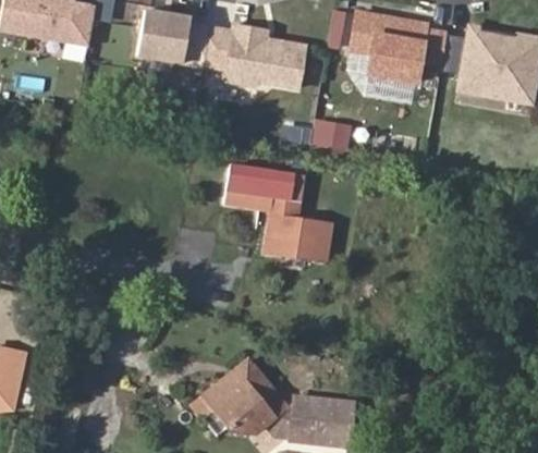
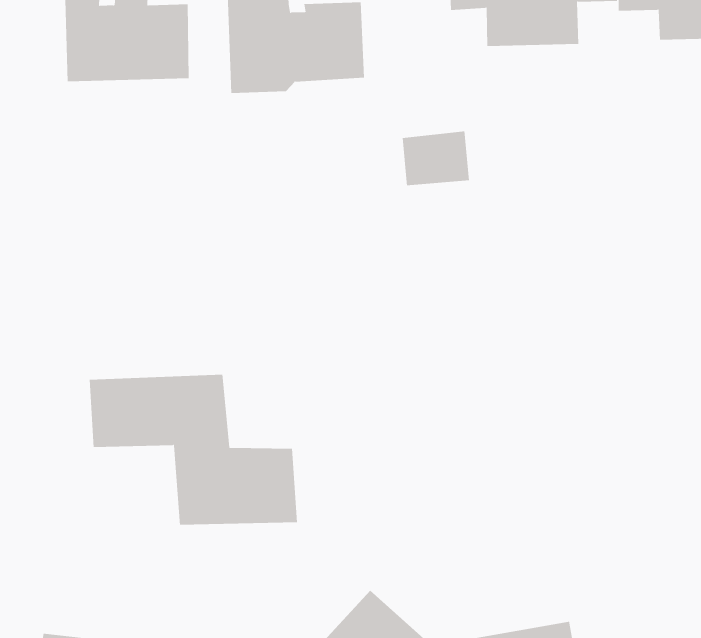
building: [222,169,330,266] -> [89,374,298,525]

